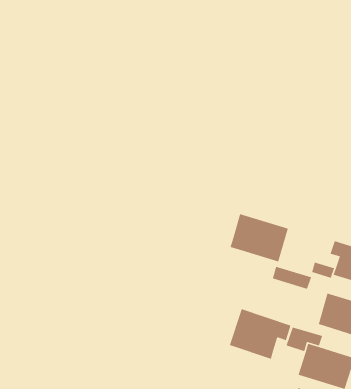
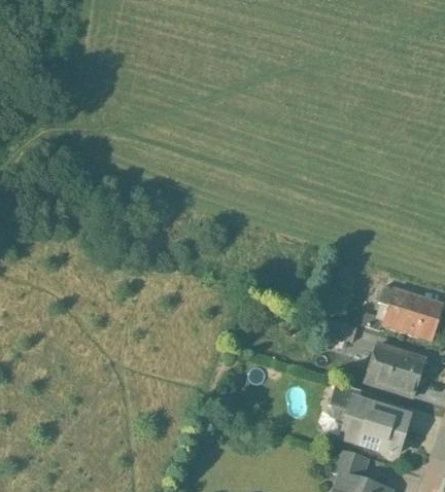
building: [229,213,289,262] -> none
building: [229,308,292,360] -> none

